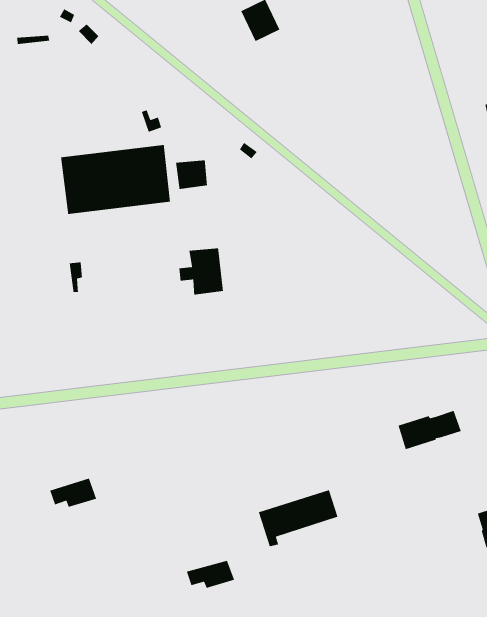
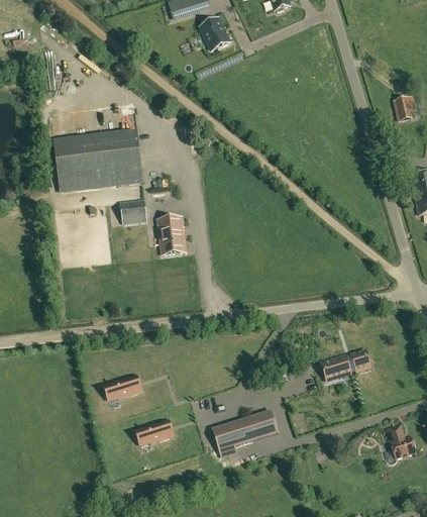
building: [175,160,208,190] -> [119,200,145,224]
building: [49,478,97,508] -> [106,372,144,396]
building: [186,560,235,589] -> [131,420,171,443]

